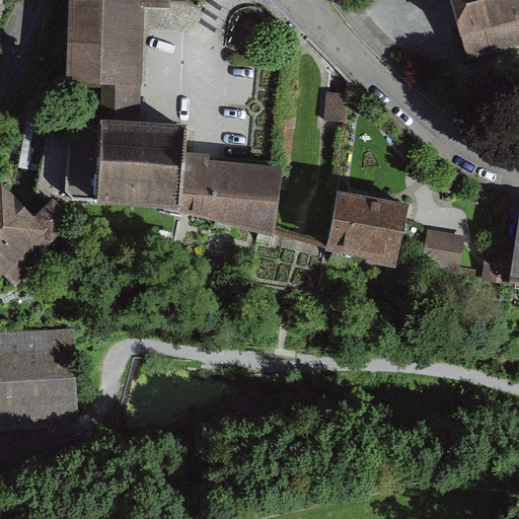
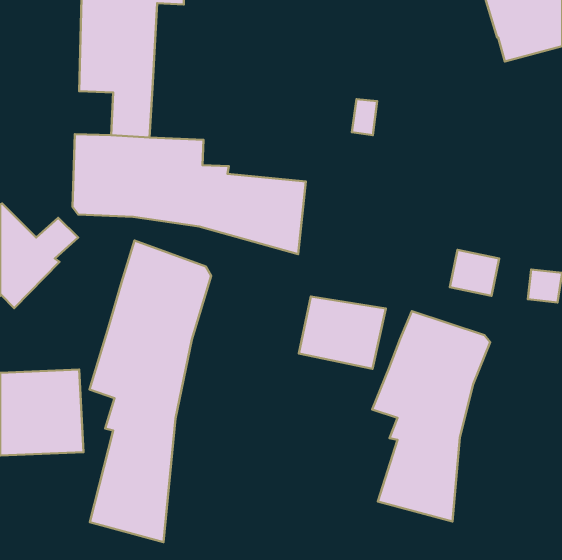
building: [327,195,407,262] -> [299,296,386,369]
building: none -> [89,241,211,542]
building: none -> [372,311,490,522]

